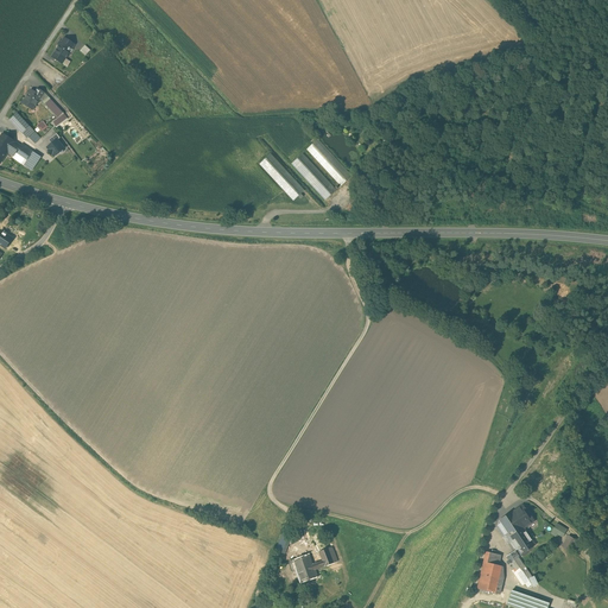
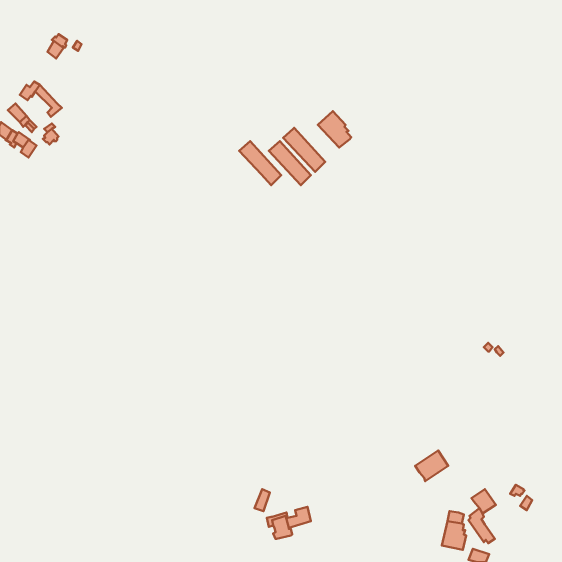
building: none -> [318,111,351,148]
building: [498,504,533,537] -> [415,450,448,481]

